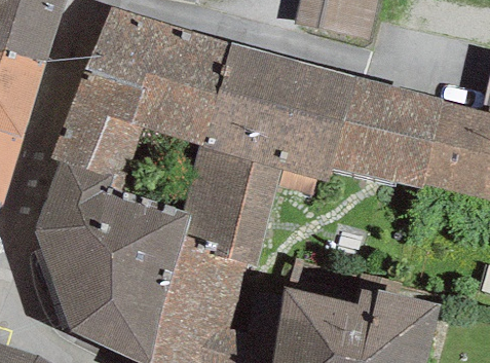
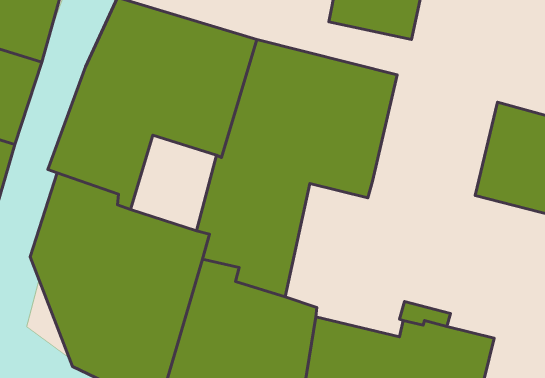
building: [332,76,441,188] -> none

